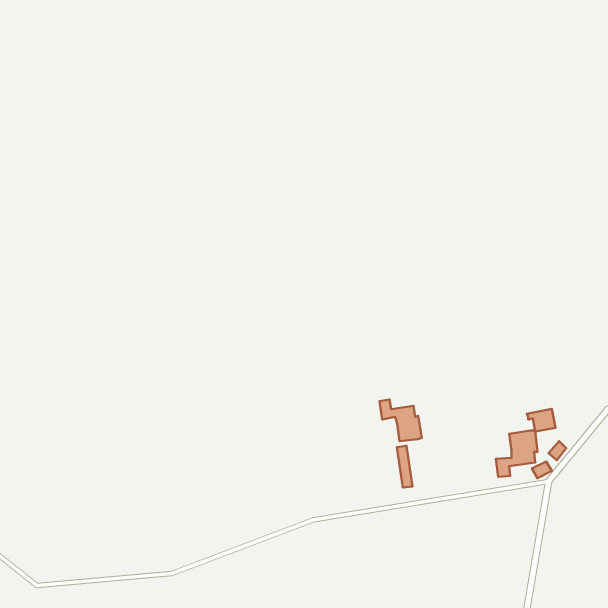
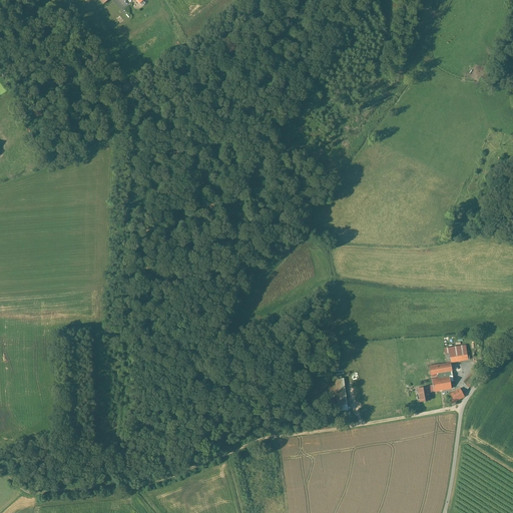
building: [380,399,422,441] -> none

